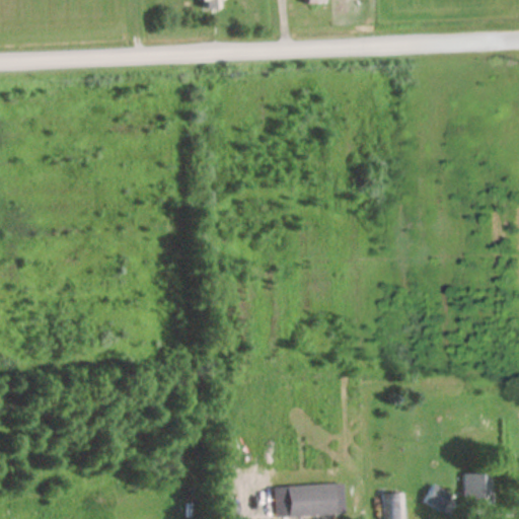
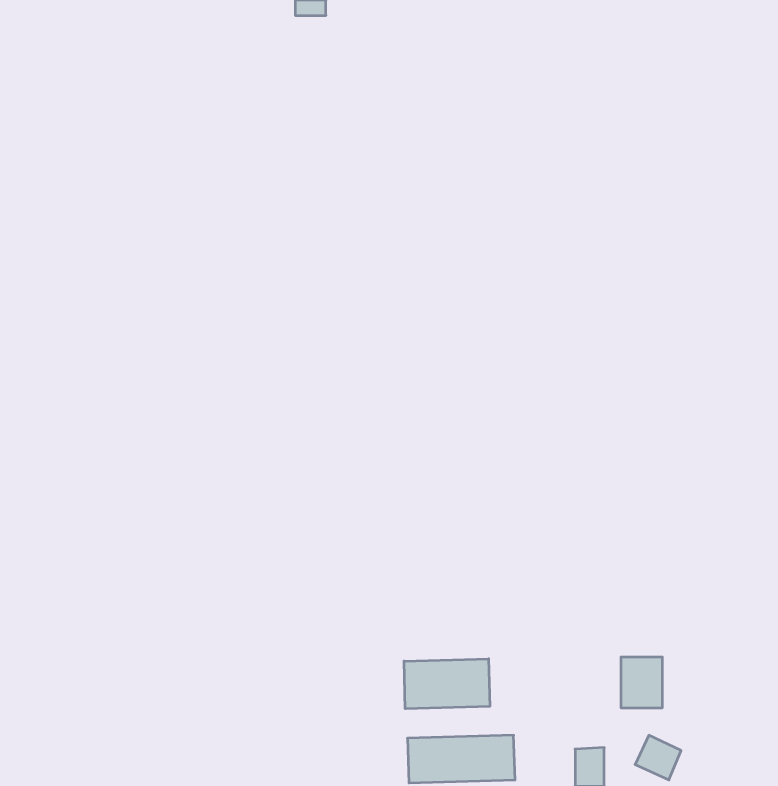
building: none -> [404,659,490,709]
building: [463,473,491,507] -> [621,657,662,708]

